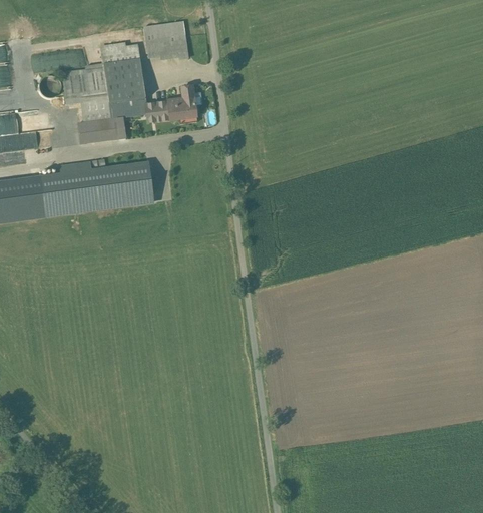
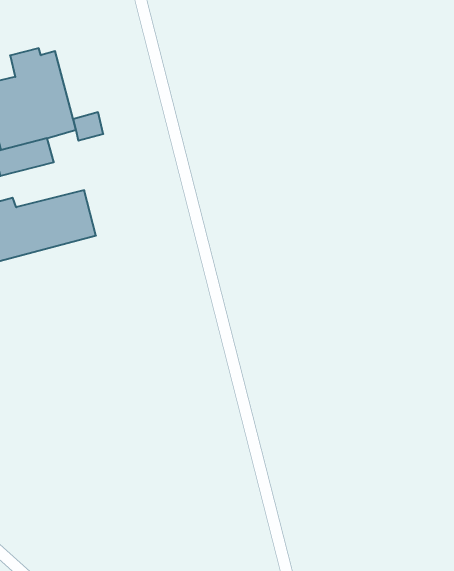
building: [144,21,188,58] -> none
building: [167,85,198,123] -> none

